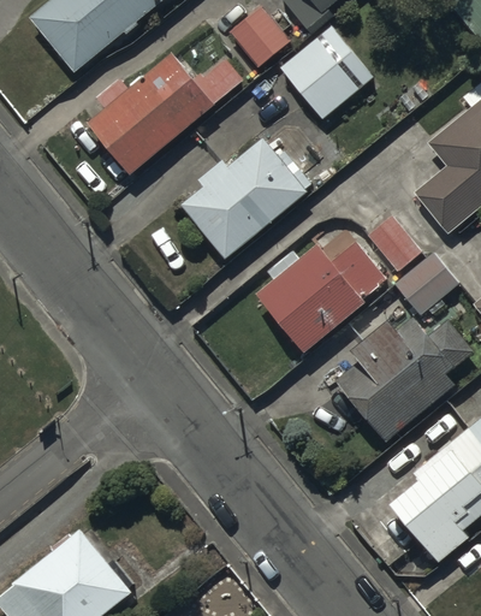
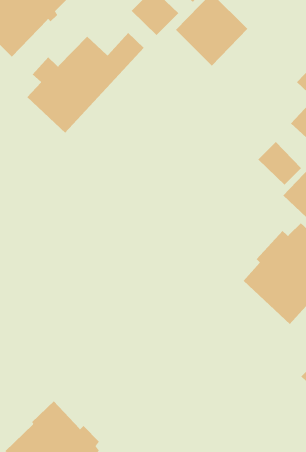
building: [180,138,311,260] -> none
building: [257,239,387,354] -> none

